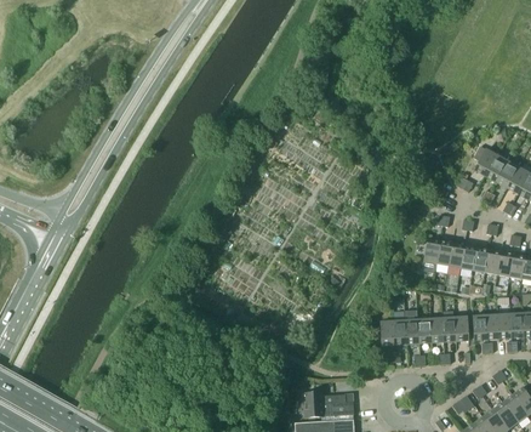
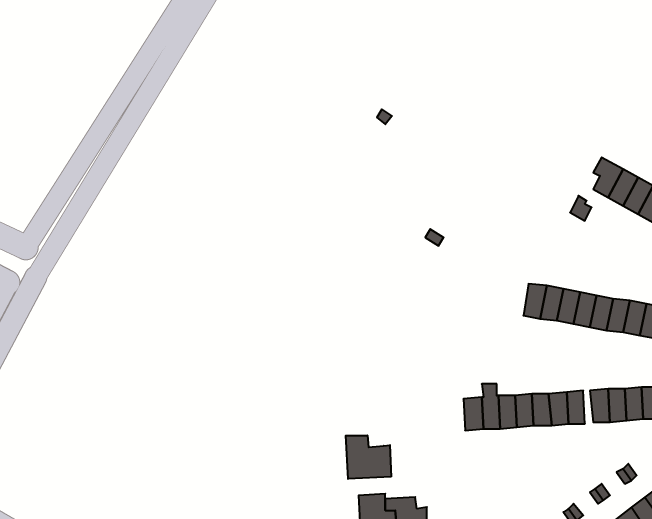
building: none -> [346,435,391,479]

